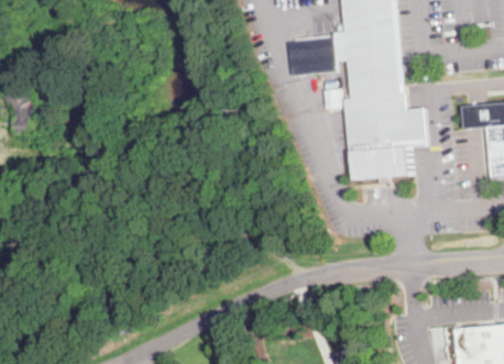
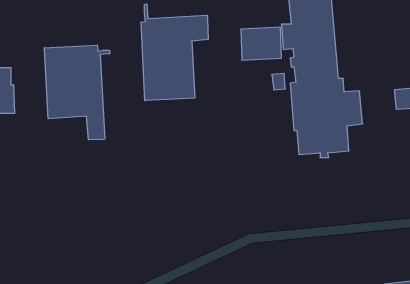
building: none -> [141,4,208,101]
building: none -> [44,45,110,140]

